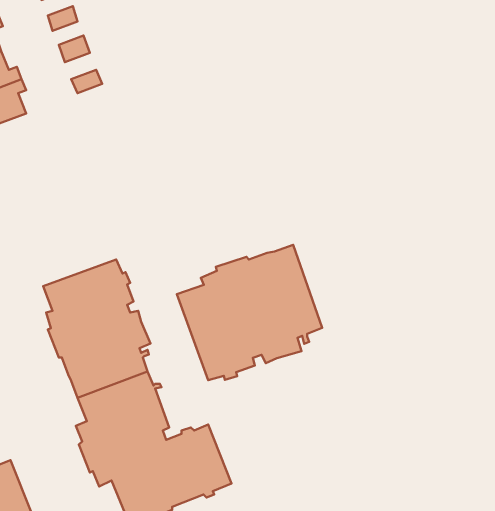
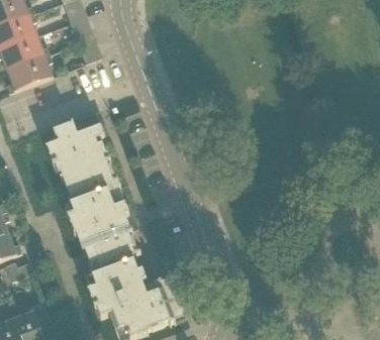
building: none -> [45,112,111,187]
building: [177,245,322,380] -> none

